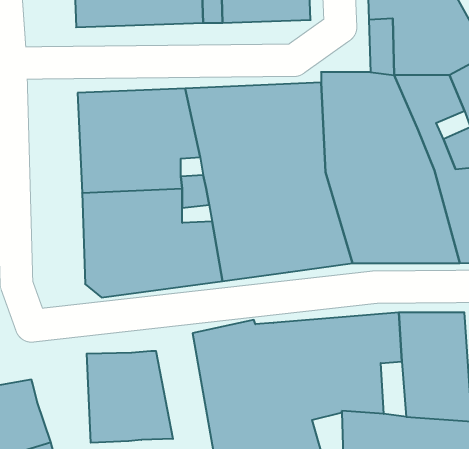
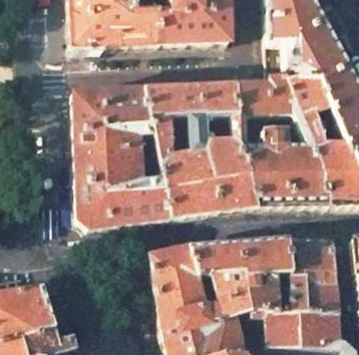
building: [87,351,173,443] -> none

